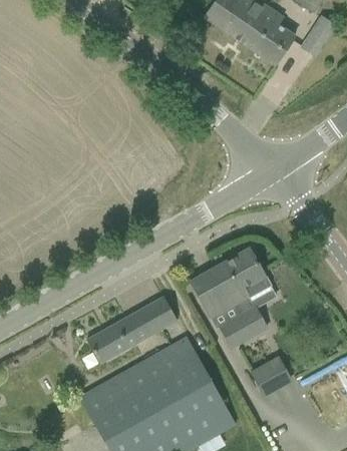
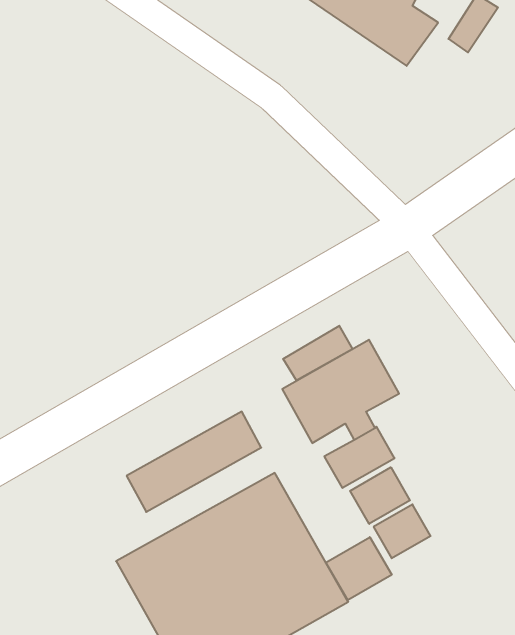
building: none -> [283,326,353,381]
building: none -> [350,467,410,524]
building: none -> [326,537,392,600]

